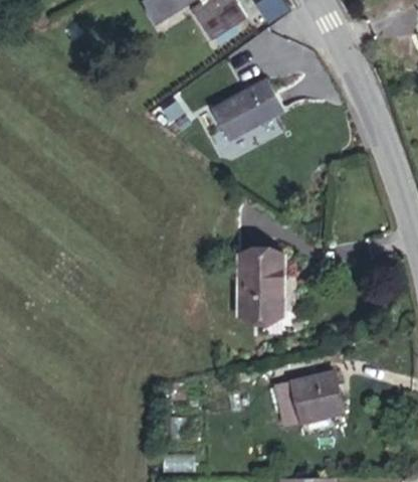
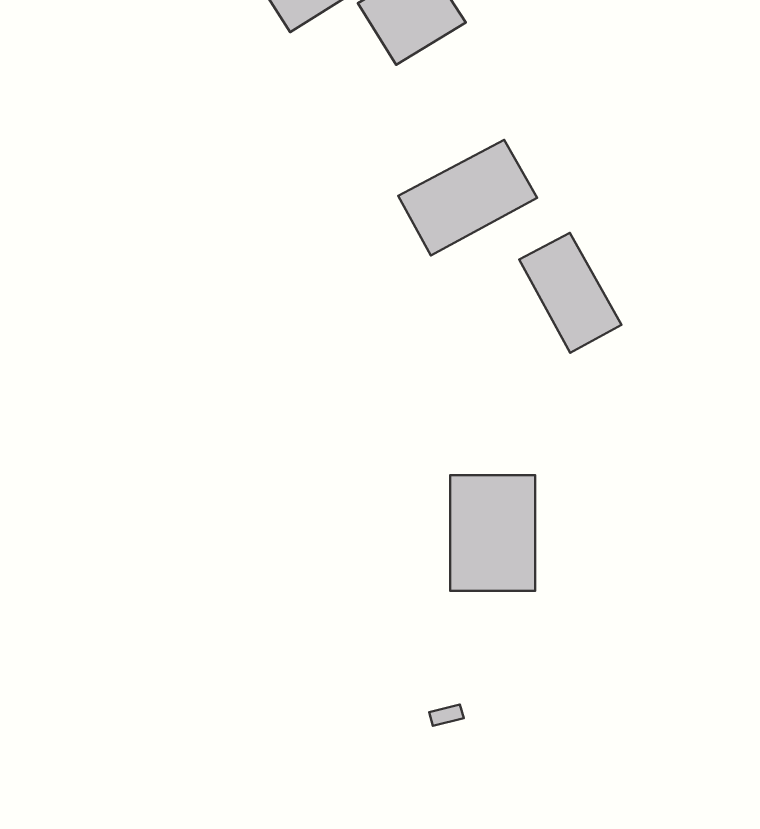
building: none -> [519,233,622,353]
building: [285,362,352,421] -> none

